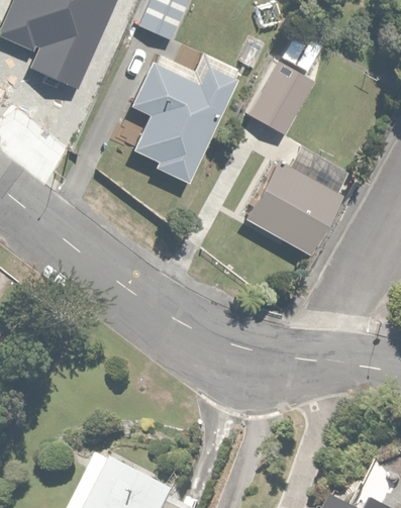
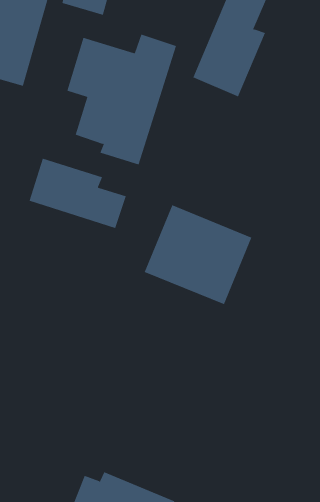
building: [243,160,345,257] -> [144,204,252,305]
building: none -> [29,158,127,229]

